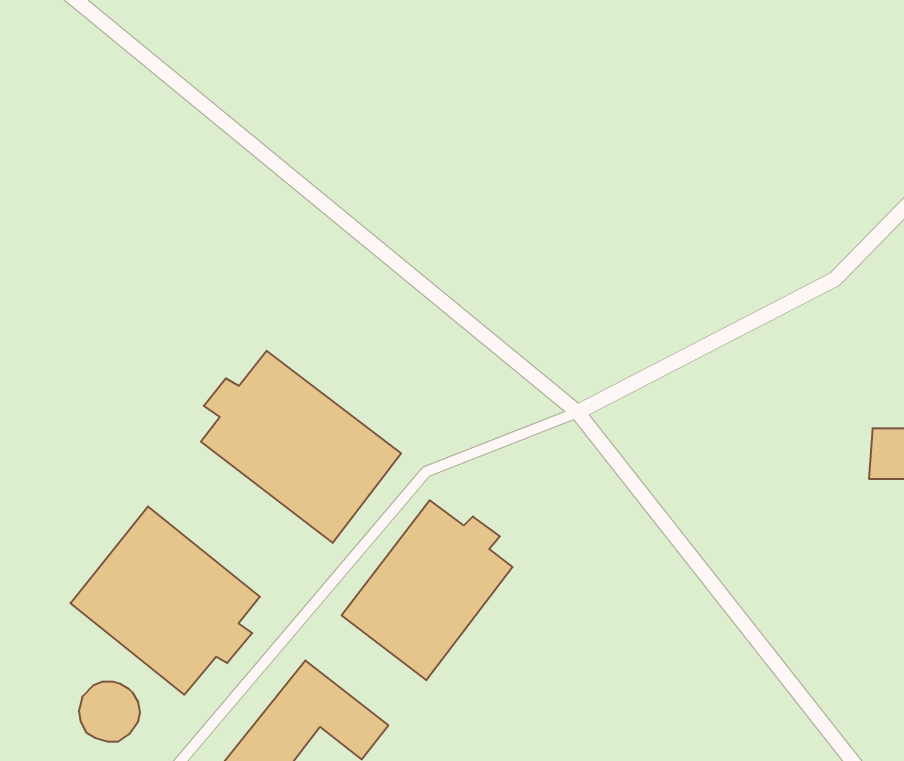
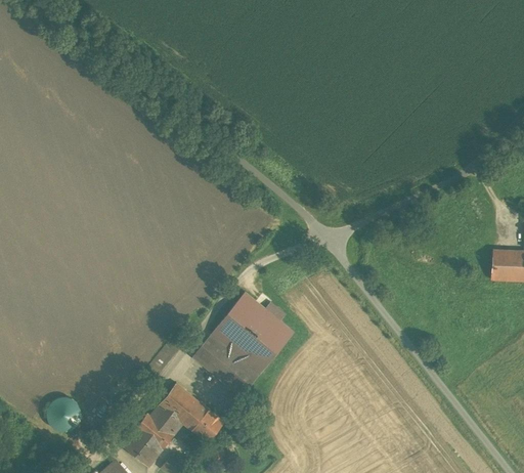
building: [201,351,401,543] -> none
building: [70,506,260,695] -> none

